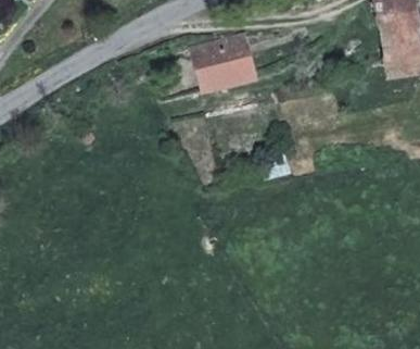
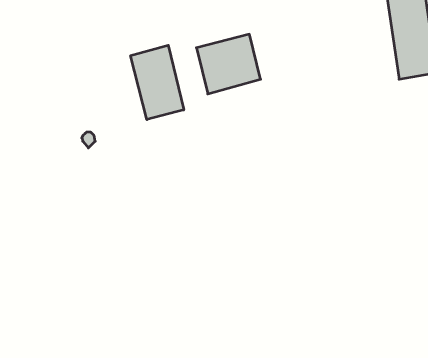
building: none -> [131,45,184,120]

